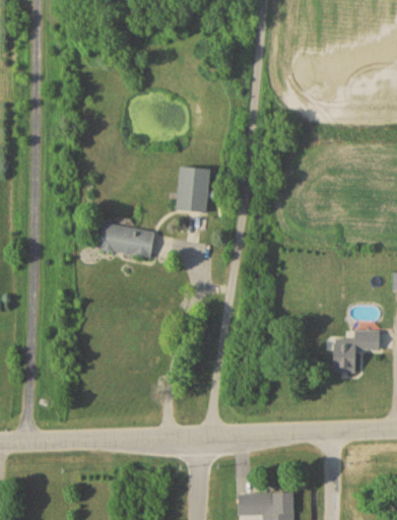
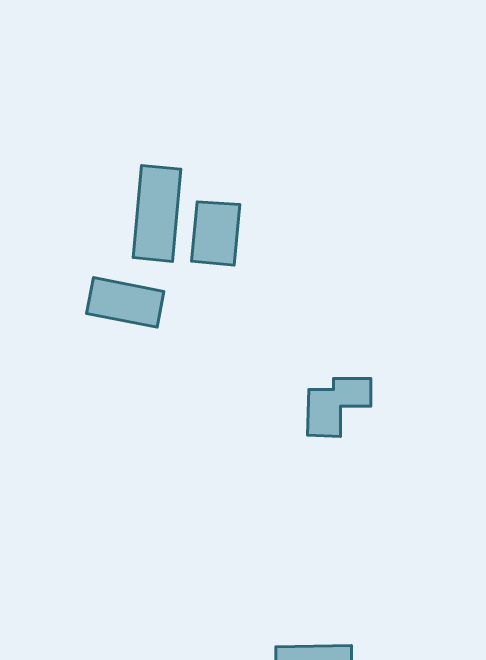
building: none -> [133,166,181,261]
building: [333,329,380,372] -> [307,379,371,436]

